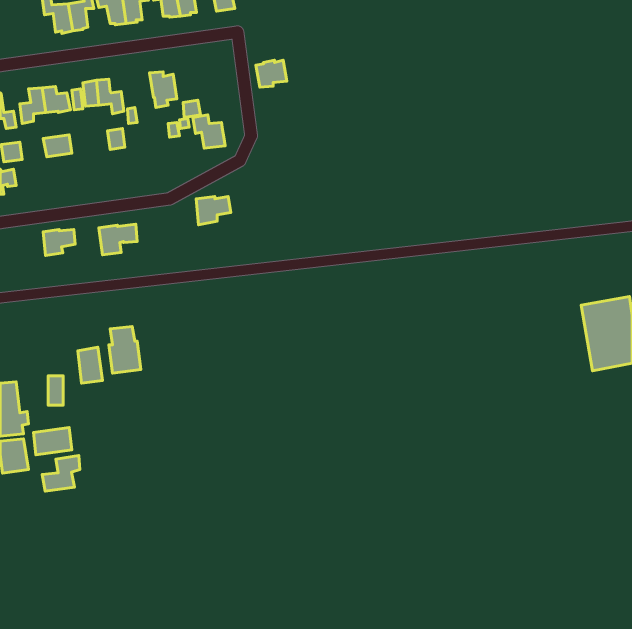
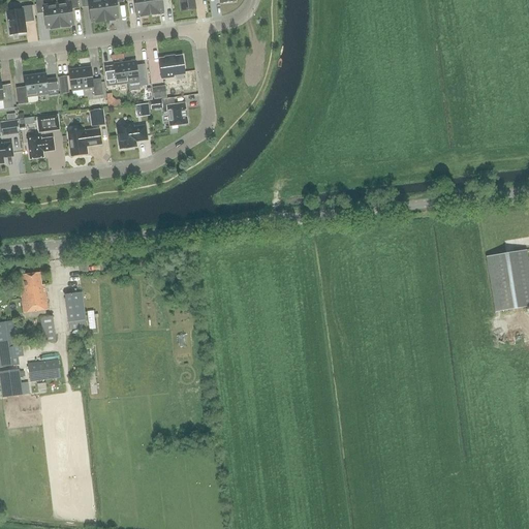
building: none -> [7,4,34,33]
building: [256,60,287,87] -> [159,54,185,76]
building: none -> [105,61,128,85]
building: [196,196,231,225] -> [118,124,147,148]
building: [99,224,137,255] -> [68,128,100,154]
building: [43,229,75,255] -> [28,136,55,158]
building: [109,326,141,373] -> [21,272,48,311]
building: [42,455,80,491] -> none

